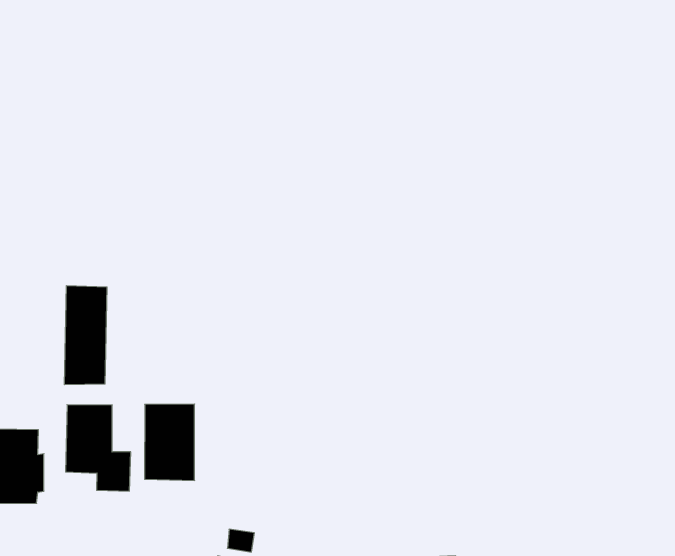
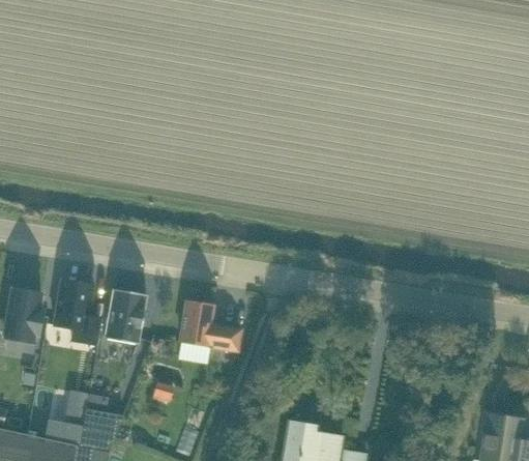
building: [64,286,107,385] -> none
building: none -> [180,301,241,351]

